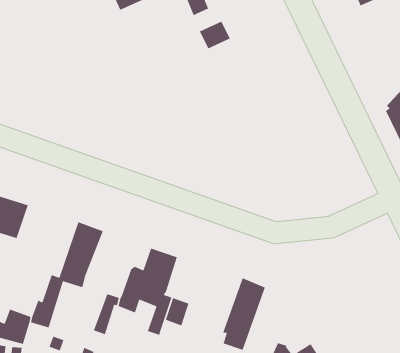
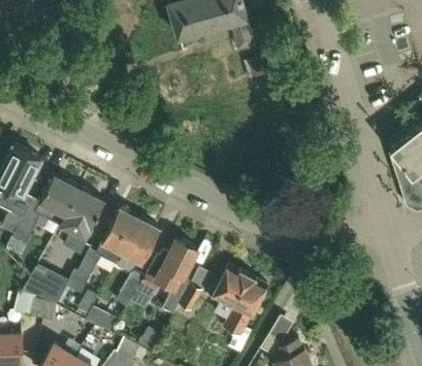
building: none -> [60,188,104,254]
building: none -> [118,219,158,265]
building: none -> [206,264,249,319]

